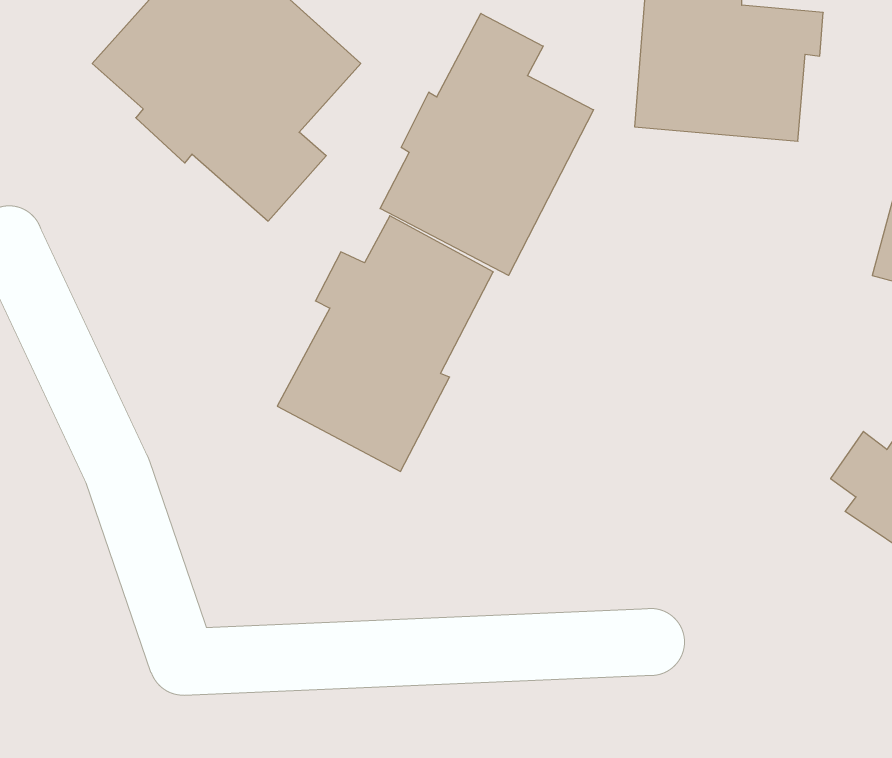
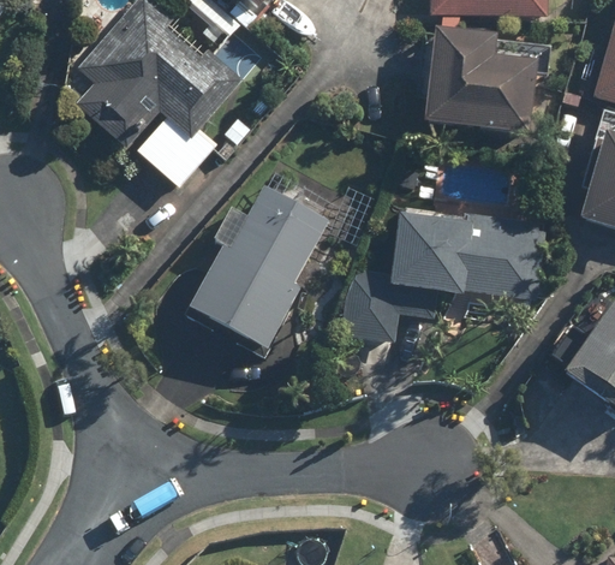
building: [380,13,594,275] -> none
building: none -> [345,210,544,343]

